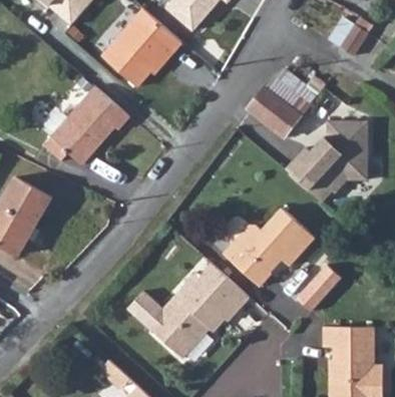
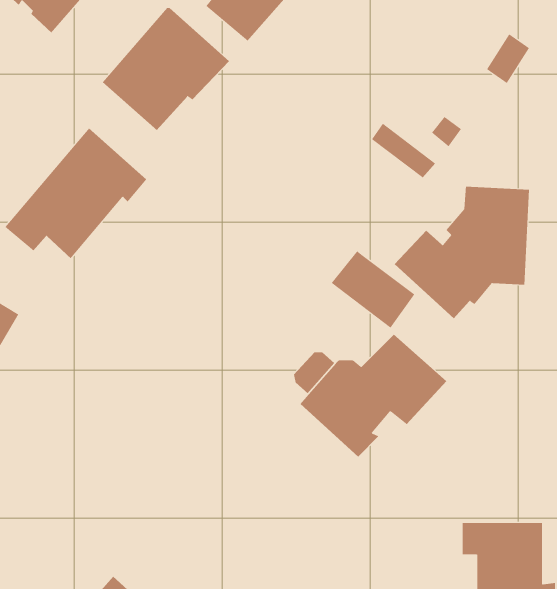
building: [248,87,300,135] -> [331,250,415,328]
building: [130,264,252,359] -> none
building: [296,266,342,315] -> none

